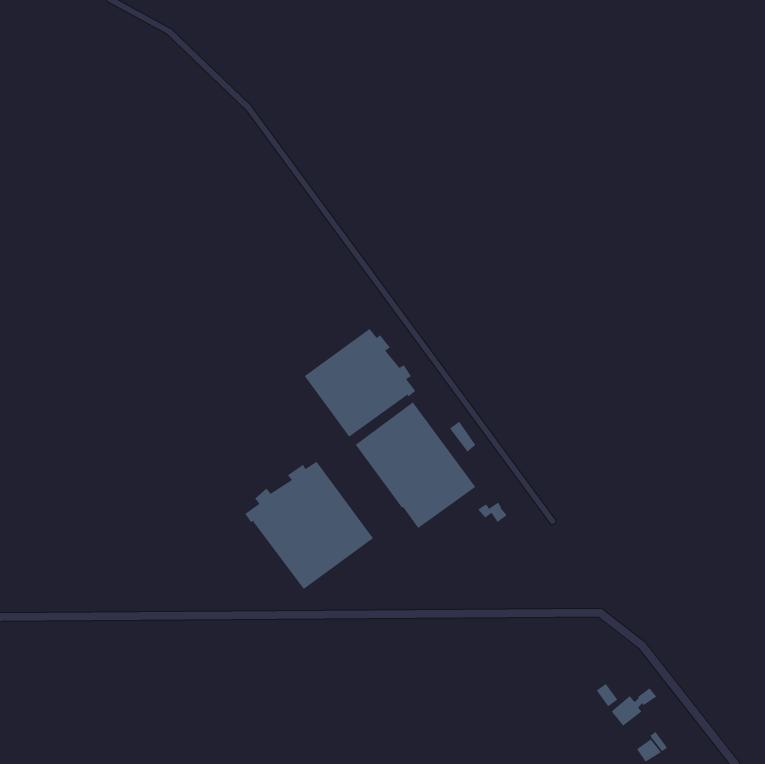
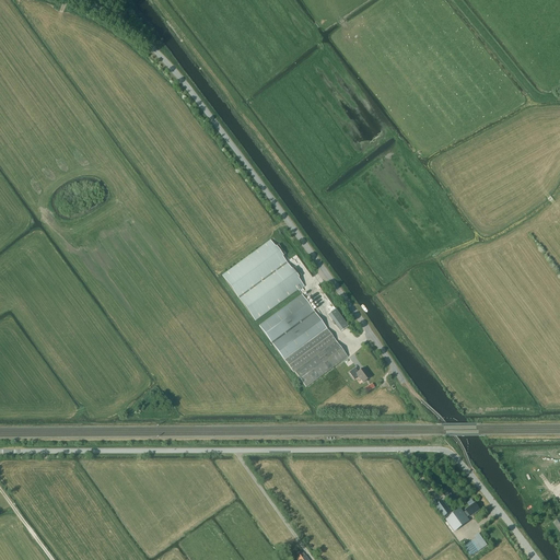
building: [244,461,374,590] -> none

